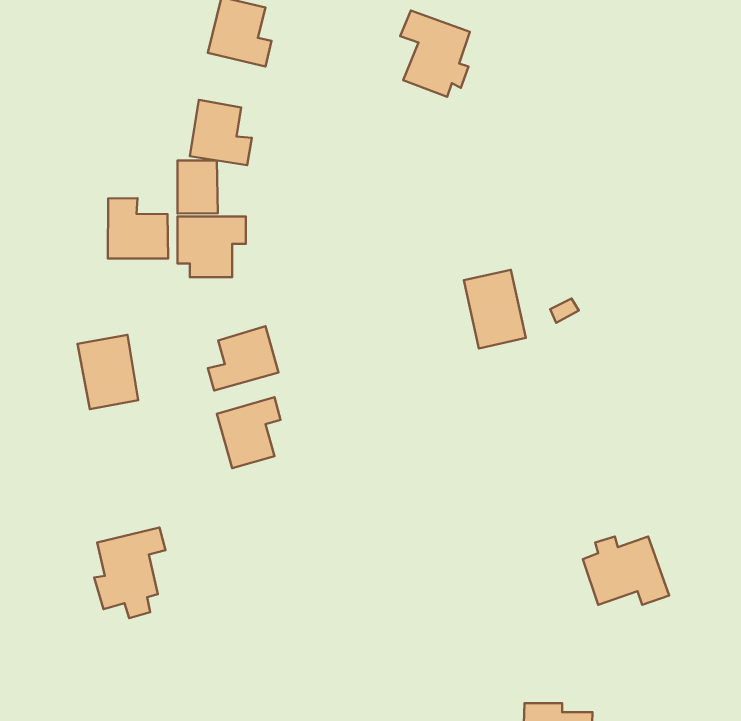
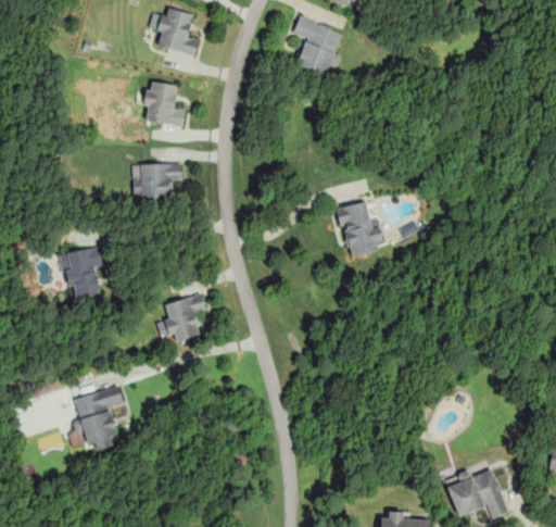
building: [178,160,218,213] -> none
building: [108,198,168,258] -> none
building: [208,326,279,391] -> none
building: [583,537,669,605] -> [447,469,509,518]

